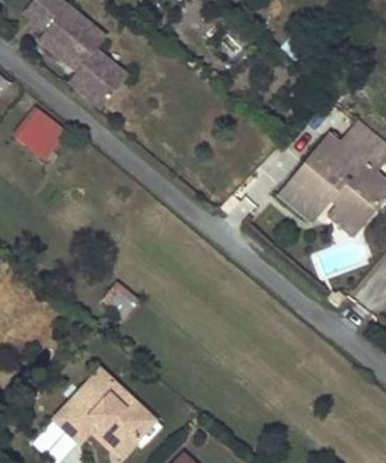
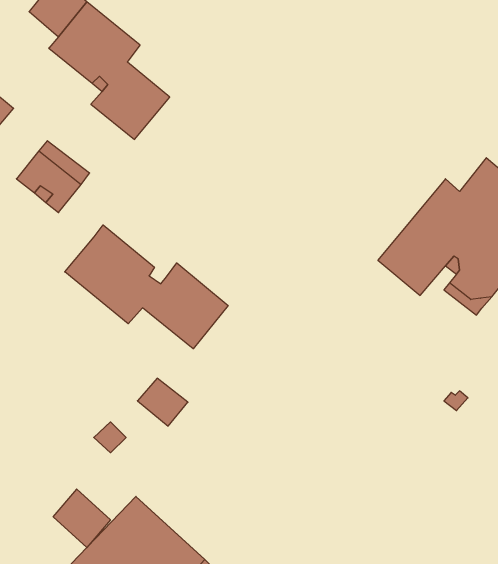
building: none -> [65,225,228,349]
building: none -> [53,489,110,548]

